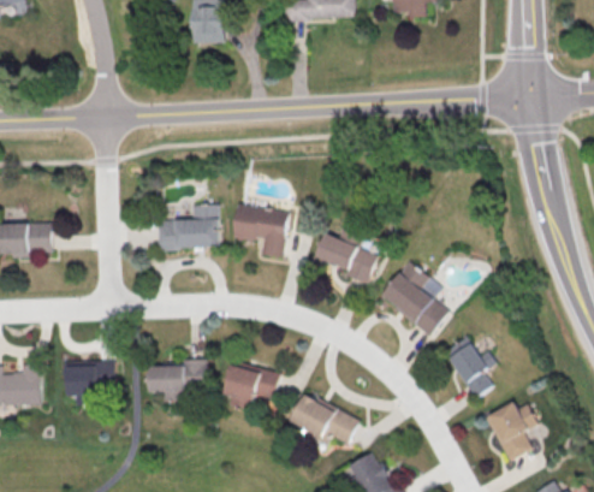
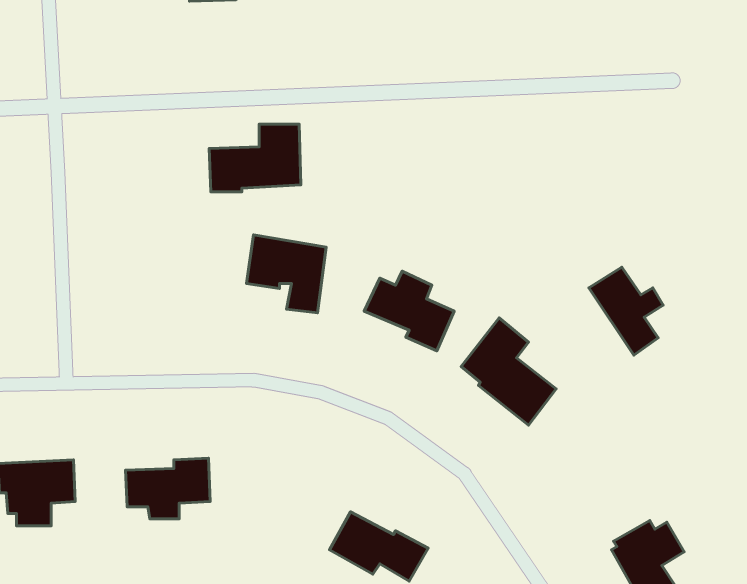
building: [156,206,220,253] -> [209,124,301,192]
building: [444,336,495,397] -> [589,267,663,355]
building: [225,360,280,407] -> none

